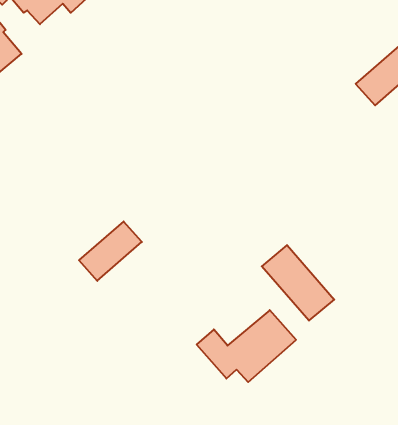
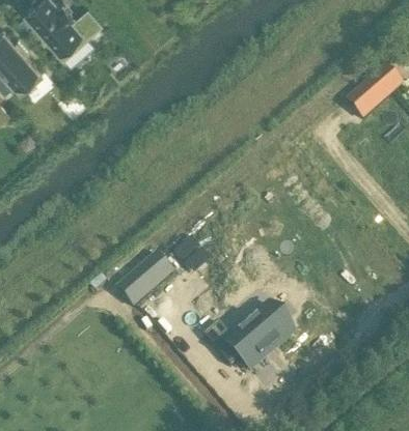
building: [79,221,142,281] -> [116,254,173,308]
building: [262,245,334,321] -> none

